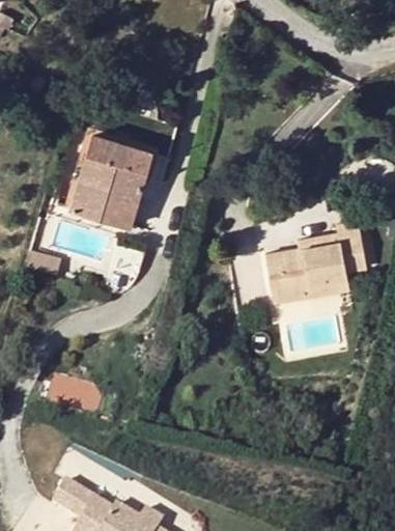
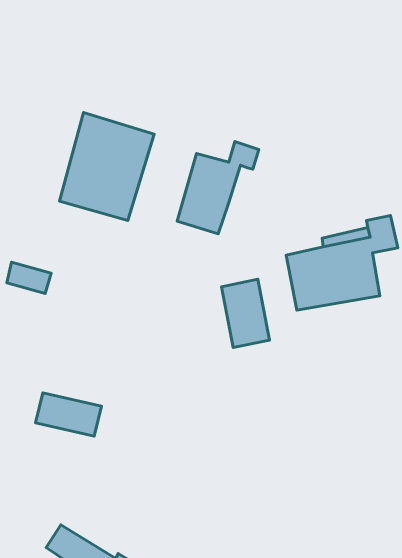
building: none -> [177,142,259,234]
building: none -> [221,279,270,348]

